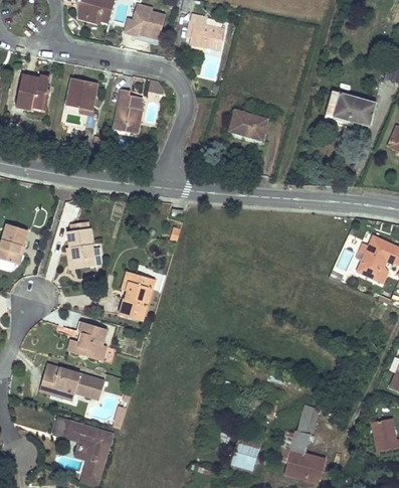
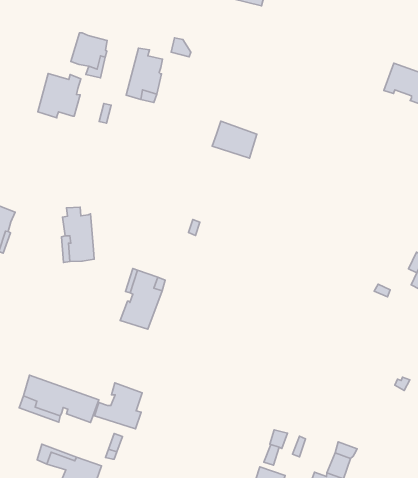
building: [15,74,49,111] -> [38,73,81,118]
building: [230,110,266,139] -> [212,121,257,158]
building: [67,323,106,360] -> [95,383,142,429]

